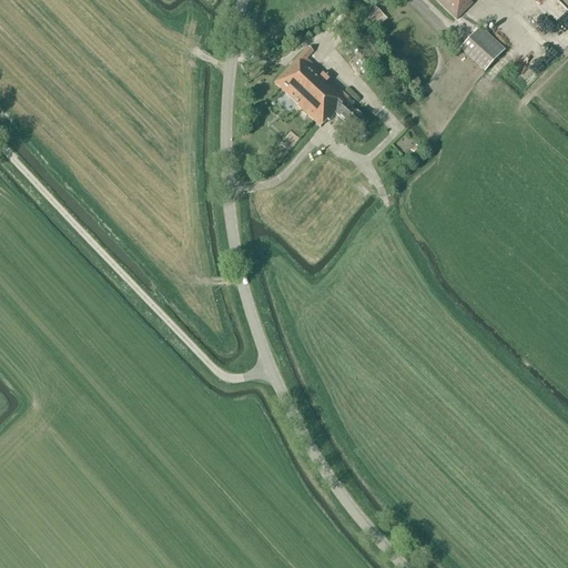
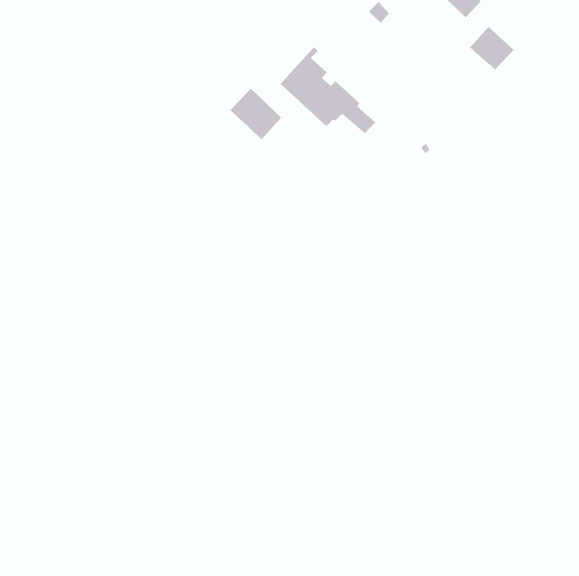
building: none -> [230,88,282,140]

